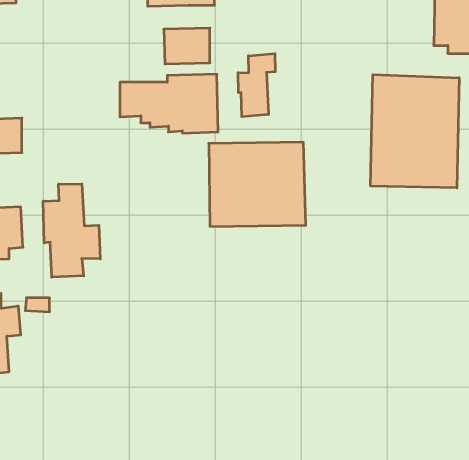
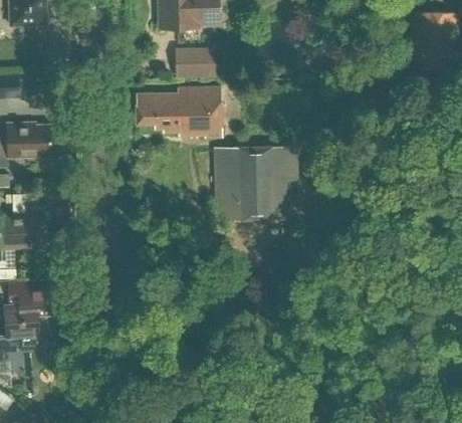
building: [238,54,275,117] -> none
building: [371,75,459,188] -> none
building: [43,184,100,277] -> none

